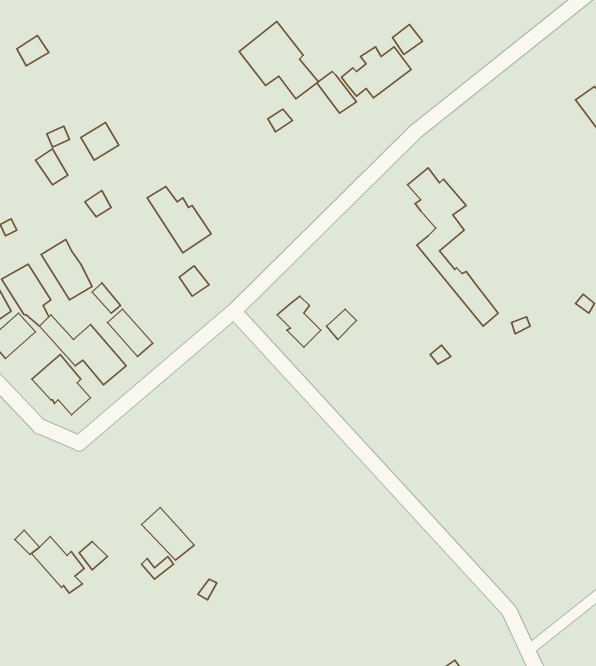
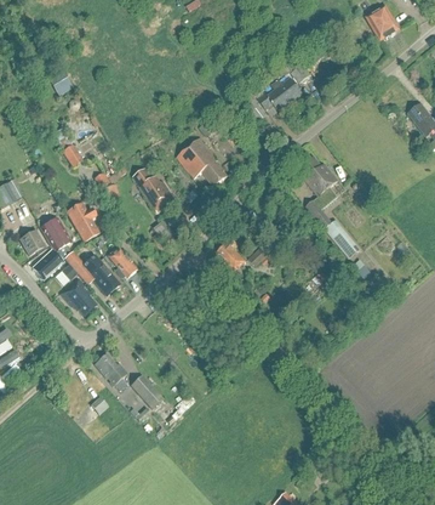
building: [239,21,318,99] -> [176,136,227,186]
building: [31,536,84,593] -> [92,352,126,388]

